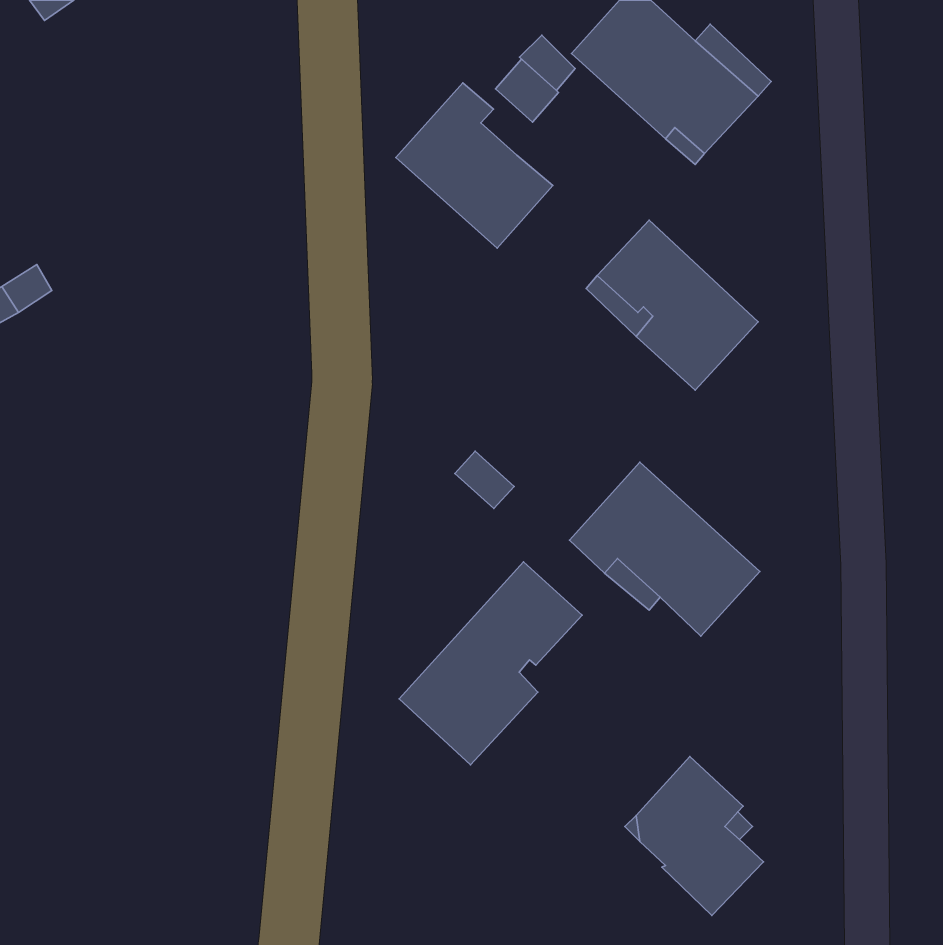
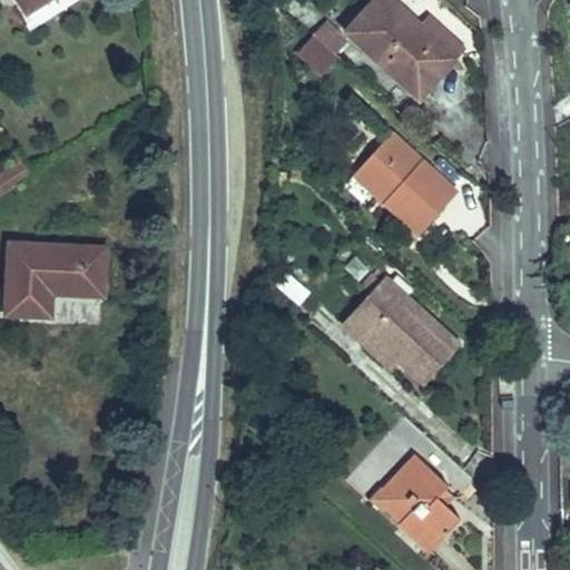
building: [396,83,553,248] -> none
building: none -> [6,244,105,316]
building: [399,562,582,765] -> none

